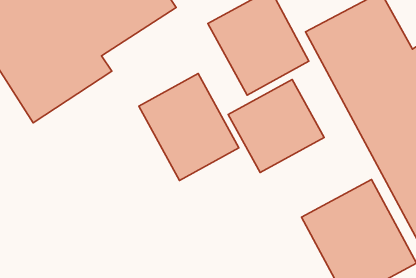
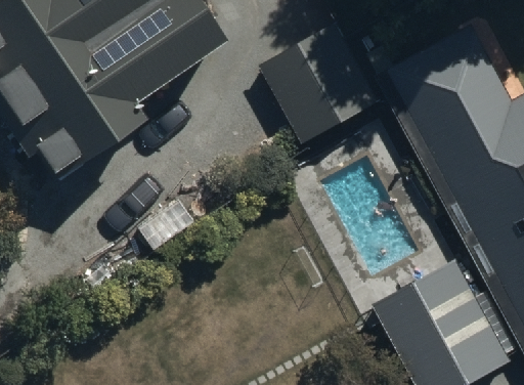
building: [139,74,239,180] -> none
building: [228,79,324,173] -> none

